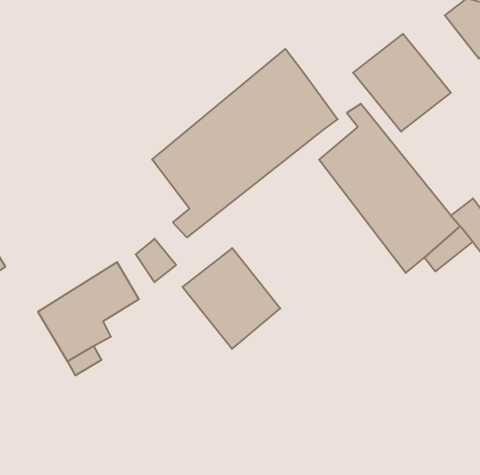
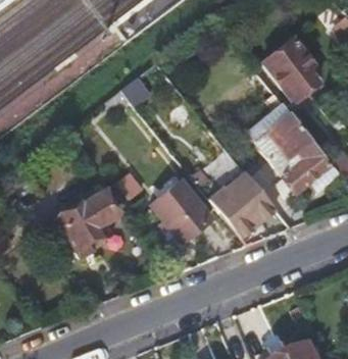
building: [152,49,338,237] -> none
building: none -> [208,169,279,241]

